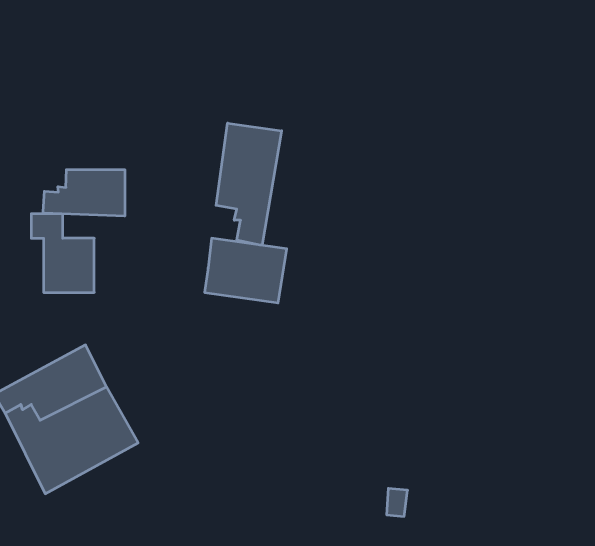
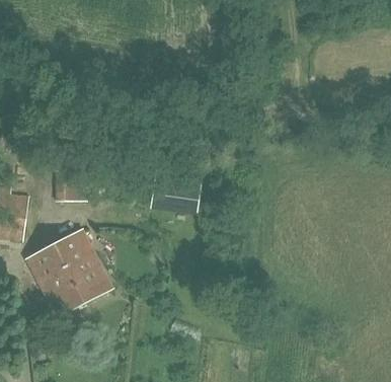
building: [216,123,282,245] -> none
building: [43,170,125,216] -> none

